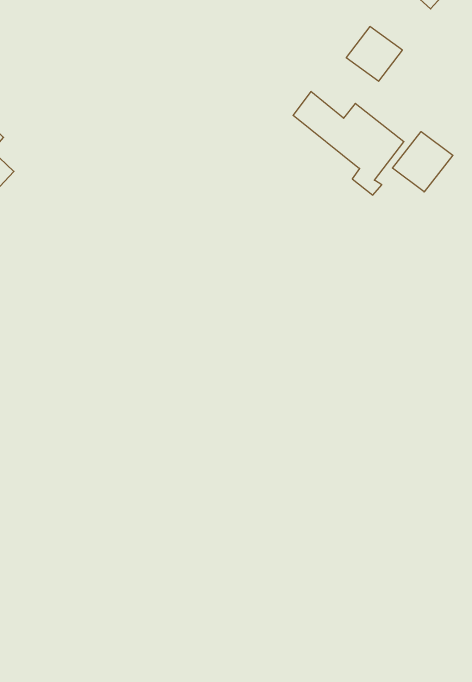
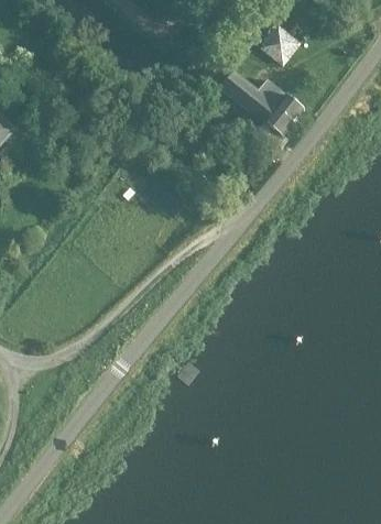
building: [392,132,453,192] -> none

